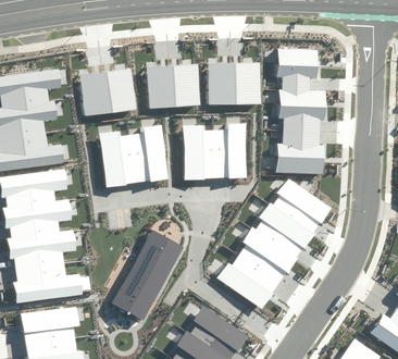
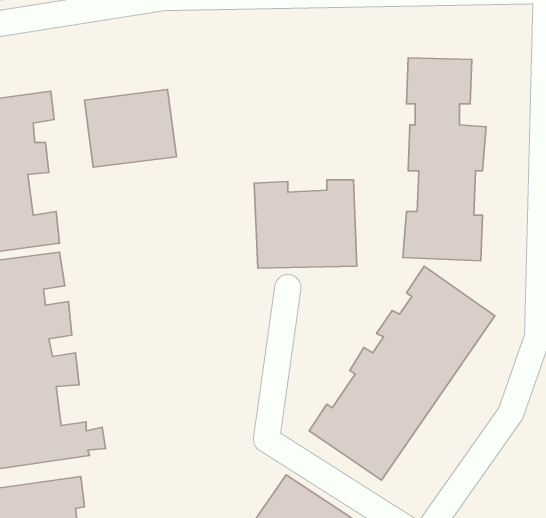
building: [209,62,261,104] -> none
building: [147,63,202,109] -> none
building: [99,125,169,186] -> none
building: [112,230,184,321] -> none

